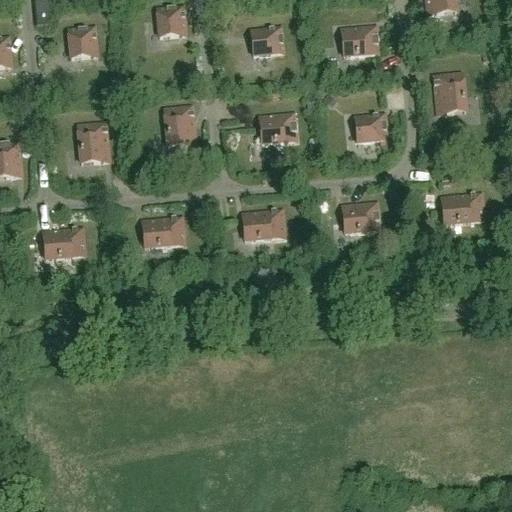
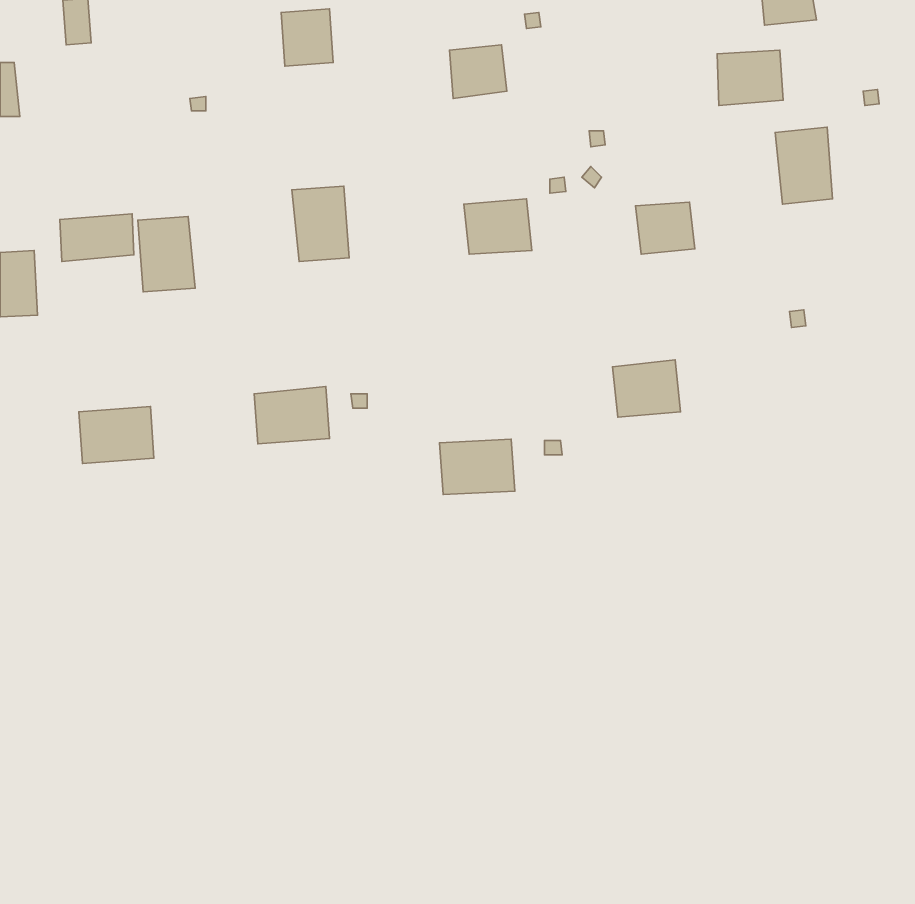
building: [69,25,98,58] -> none
building: [342,25,379,56] -> [717,50,783,106]
building: none -> [60,214,134,262]
building: [441,191,483,224] -> none
building: [243,210,285,241] -> [440,439,515,495]

